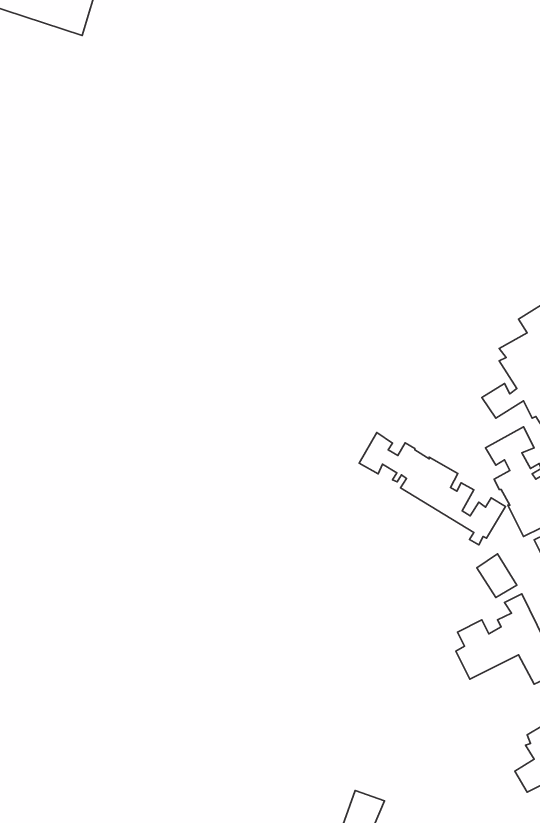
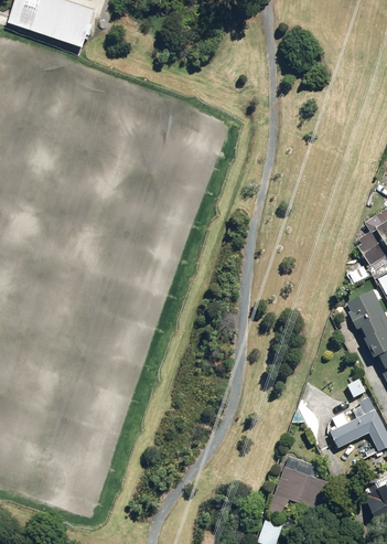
building: [359,433,506,545] -> none
building: none -> [266,455,329,518]

